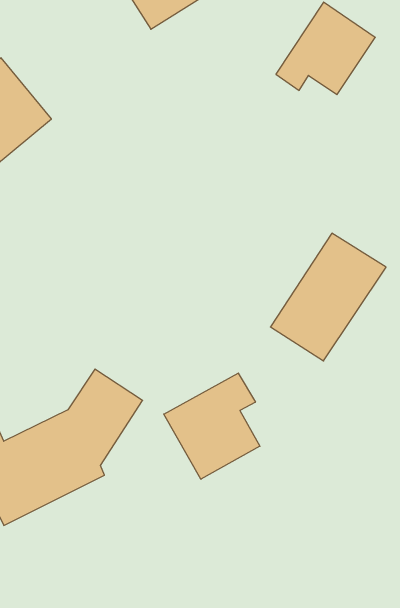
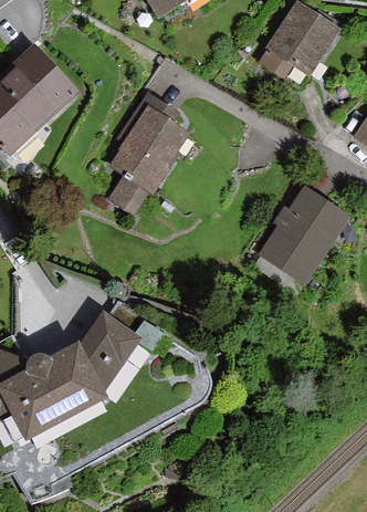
building: none -> [107,98,186,218]
building: [164,373,260,479] -> none

